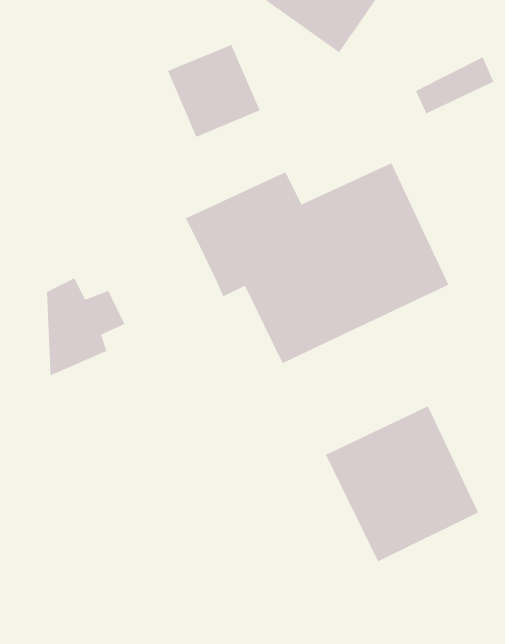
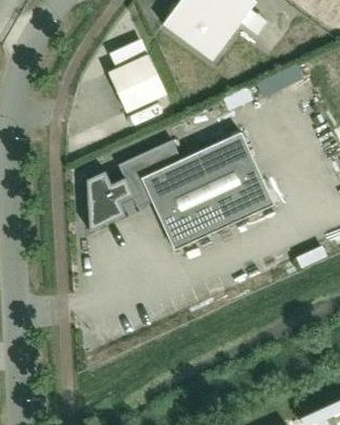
building: [46,277,125,376] -> [87,170,135,229]
building: [325,406,479,562] -> none

